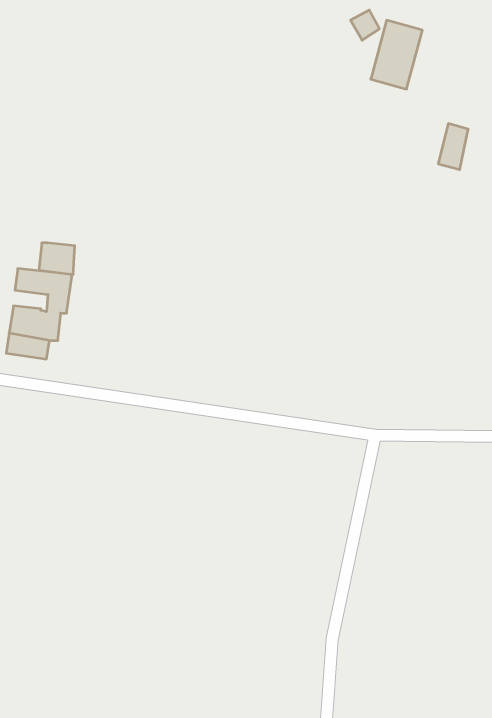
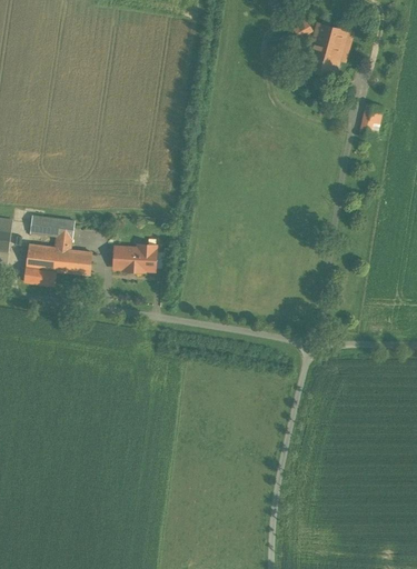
building: [39,243,75,274] -> [64,250,92,274]
building: none -> [115,244,157,271]

